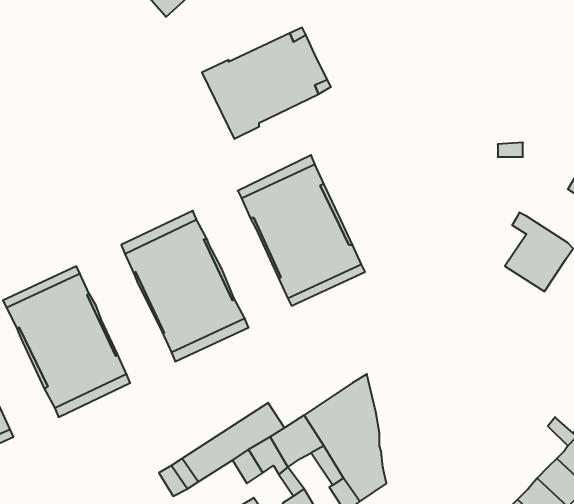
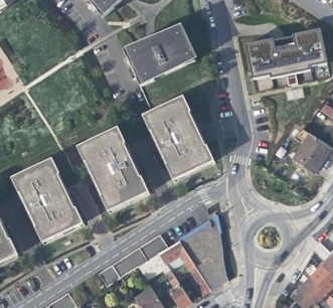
building: none -> [244,27,327,85]

